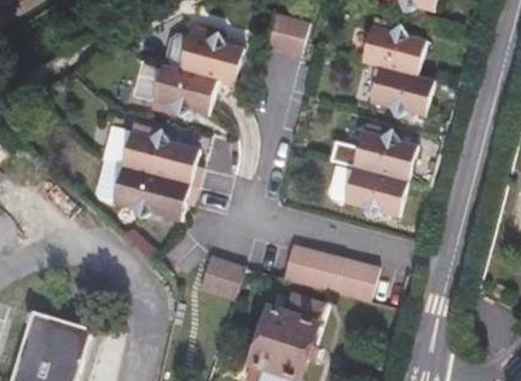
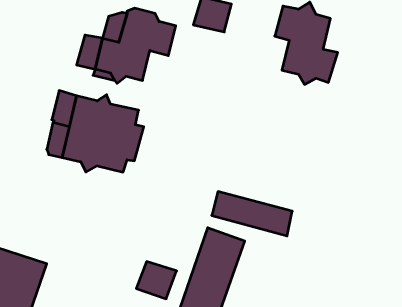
building: [341,128,417,221] -> none
building: [203,252,250,295] -> [136,262,177,299]

